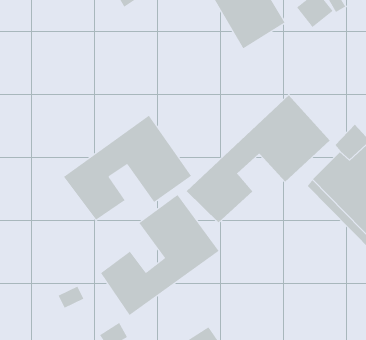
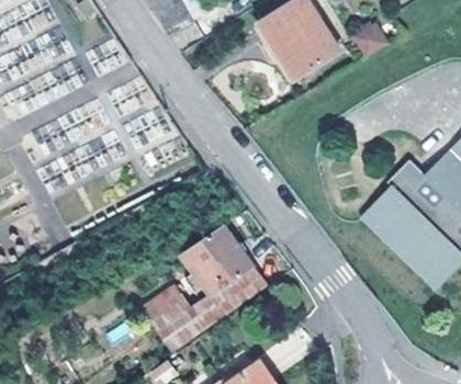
building: [186,95,331,223] -> none
building: [63,115,192,220] -> none

